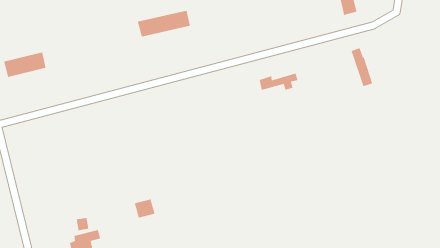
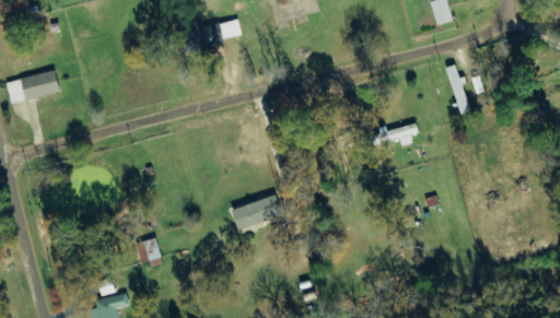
building: [259,72,299,91] -> [369,122,419,145]
building: none -> [233,195,283,229]
building: [134,199,156,219] -> [135,237,162,262]

